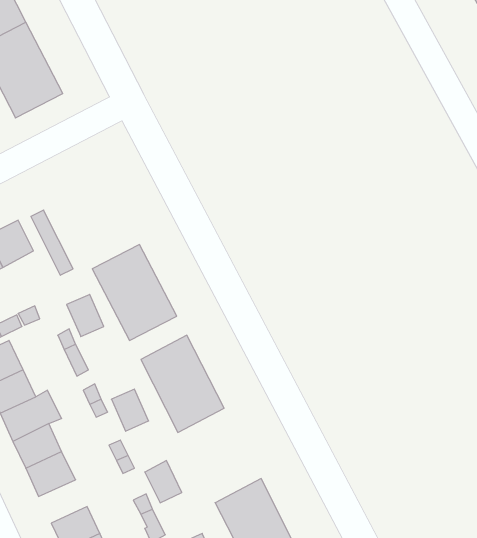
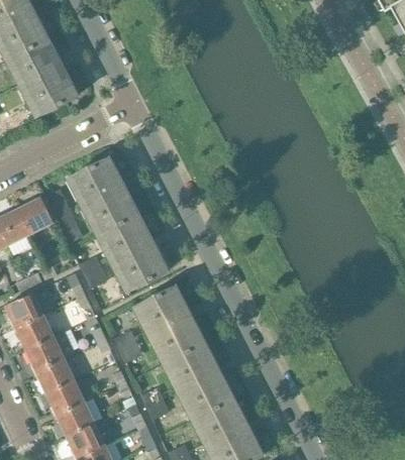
building: none -> [70,158,136,235]
building: none -> [167,345,232,420]
building: none -> [57,401,95,436]

